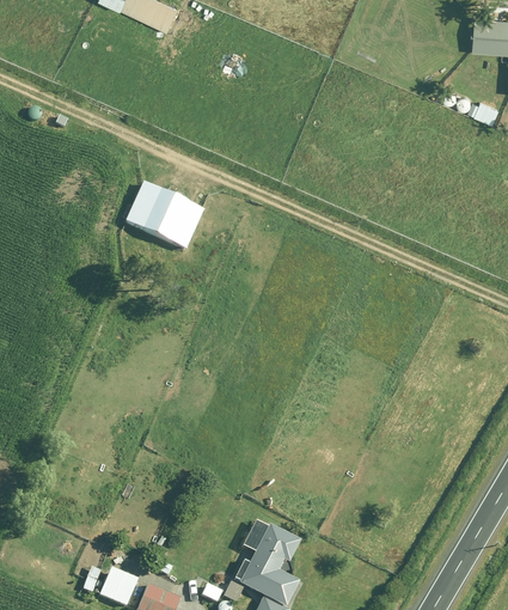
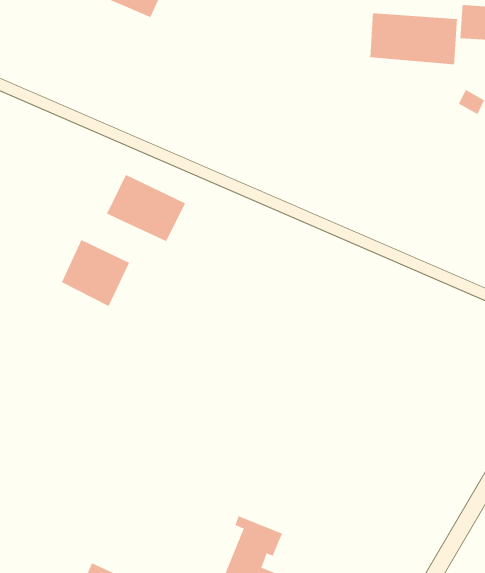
building: none -> [370,12,458,65]
building: none -> [61,239,130,307]

